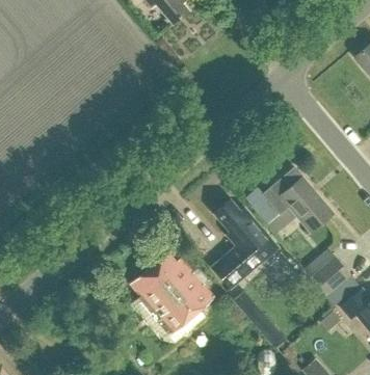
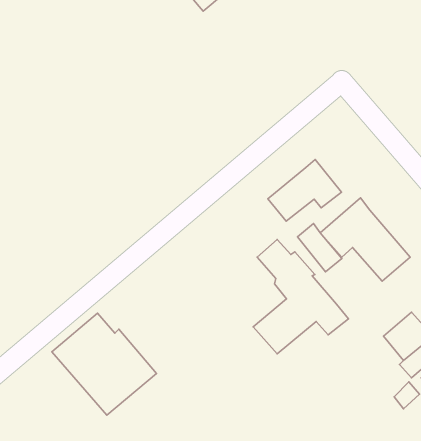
building: none -> [268,159,341,221]
building: [132,253,213,332] -> [52,313,156,415]

